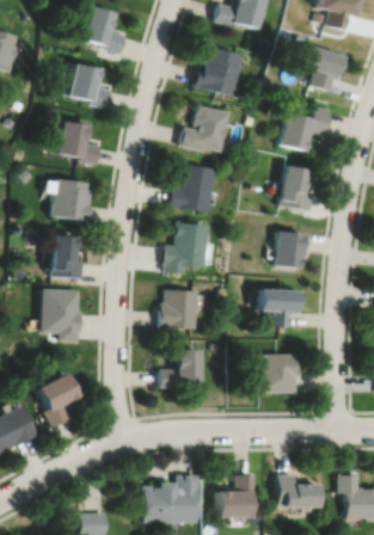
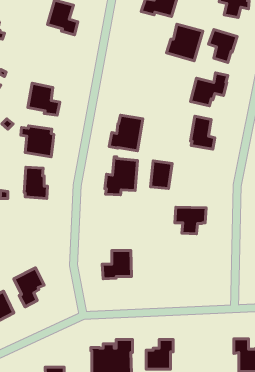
building: [192,45,243,96] -> [166,24,203,61]
building: [67,62,111,107] -> none
building: [179,104,228,152] -> none
building: [276,230,306,269] -> [150,161,172,189]
building: [42,289,82,342] -> none
building: [159,289,197,330] -> none
building: [258,355,300,393] -> none
building: [280,473,320,504] -> none

